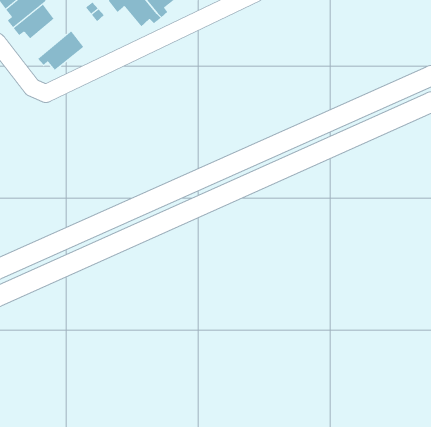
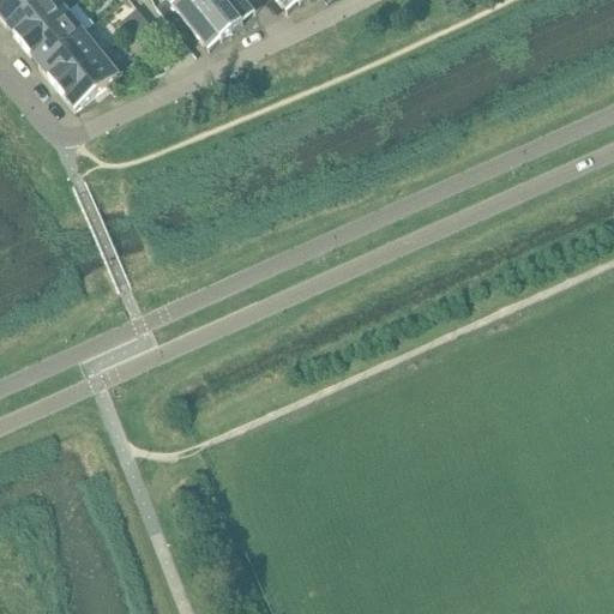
building: none -> [42,22,101,83]

